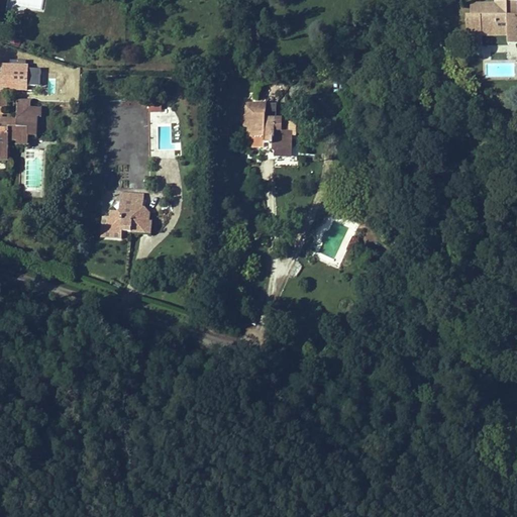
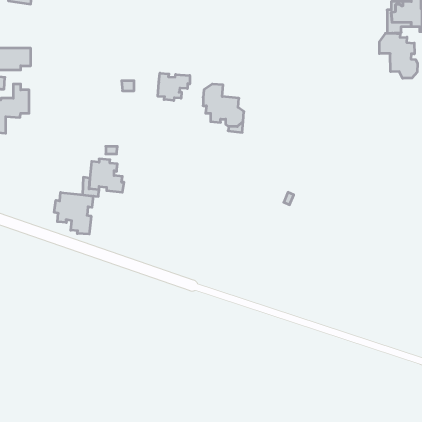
building: none -> [379,33,418,78]
building: none -> [158,73,190,101]
building: none -> [54,192,93,234]

